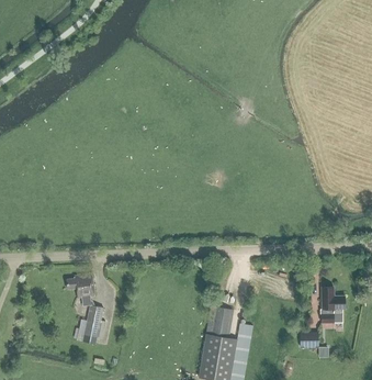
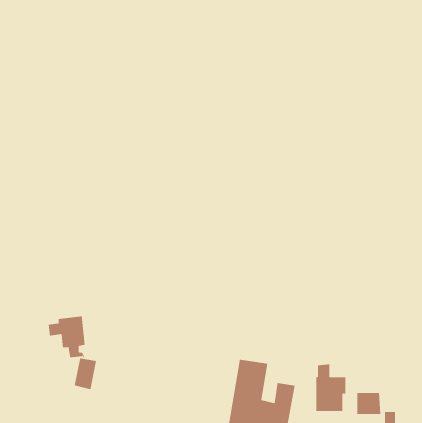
building: [322,287,345,323] -> [316,364,346,412]

